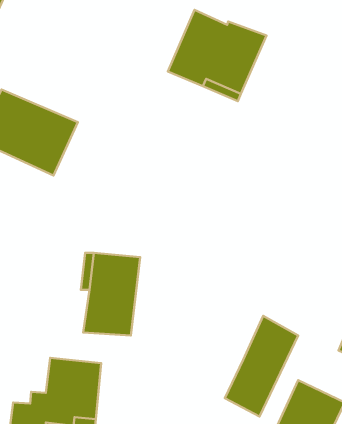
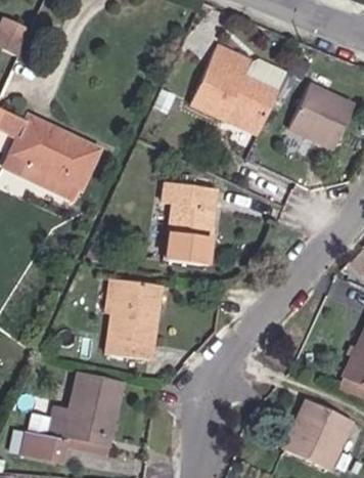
building: none -> [288,87,348,143]
building: none -> [158,180,212,259]
building: [225,316,298,416] -> none

